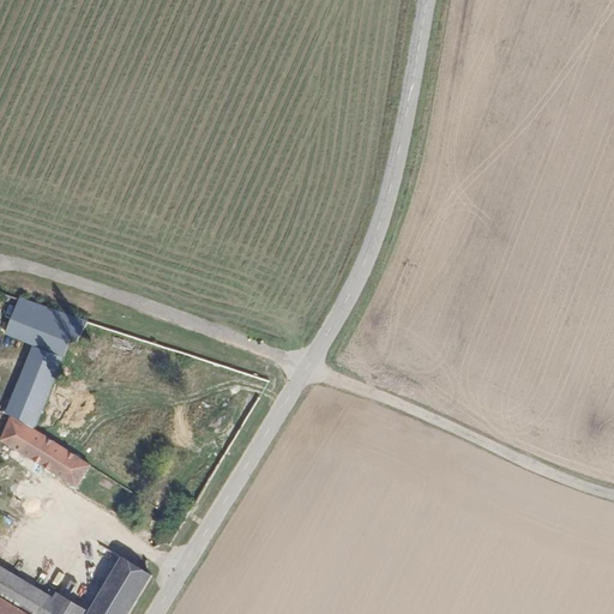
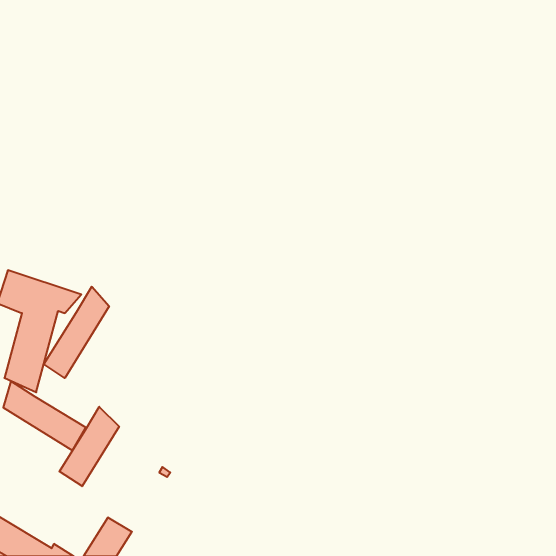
building: none -> [44,287,109,378]
building: none -> [59,407,119,486]

